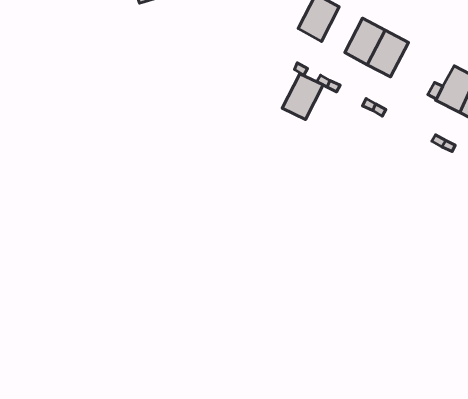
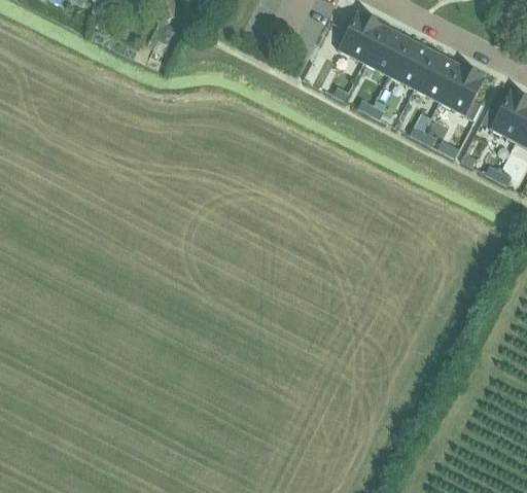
building: none -> [441,64,486,115]
building: [282,74,323,120] -> [364,25,410,75]

